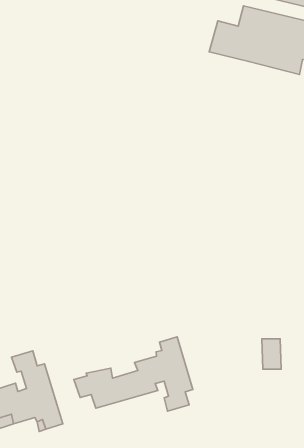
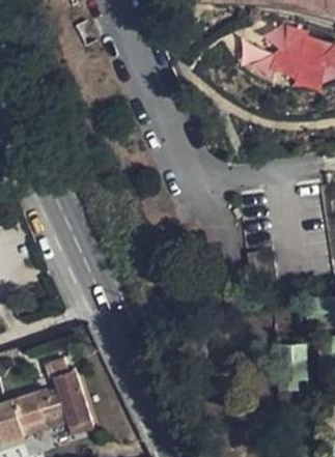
building: [74,337,193,411] -> none

